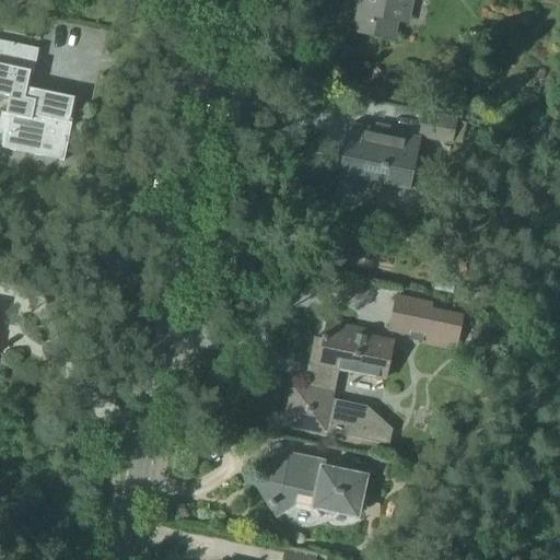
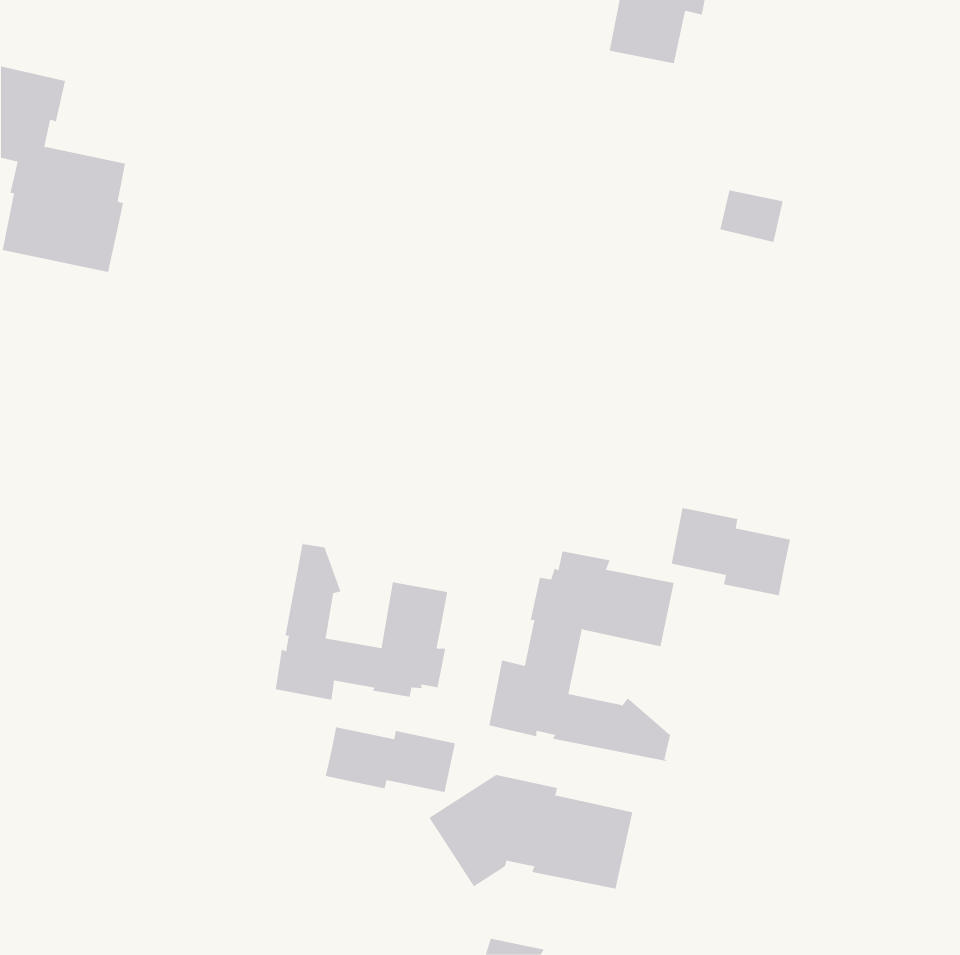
building: [340,122,418,190] -> none
building: none -> [275,541,448,700]
building: none -> [325,726,455,793]

